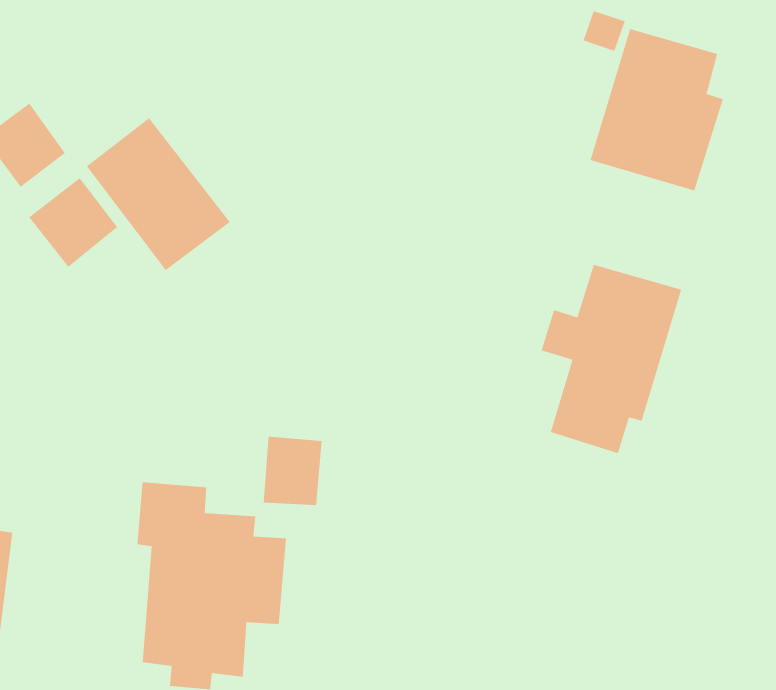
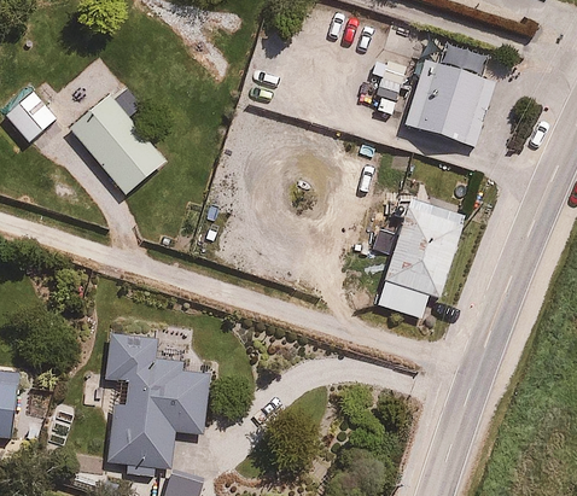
building: [28,177,118,268] -> none
building: [263,436,322,506] -> none

